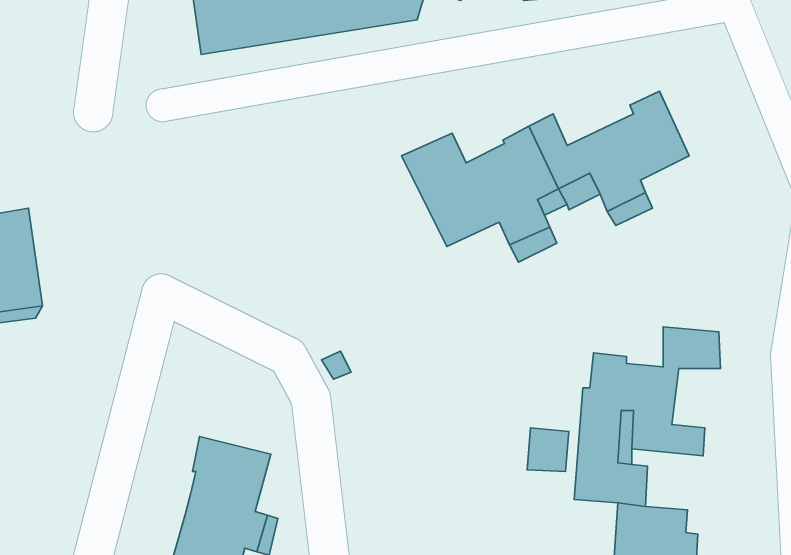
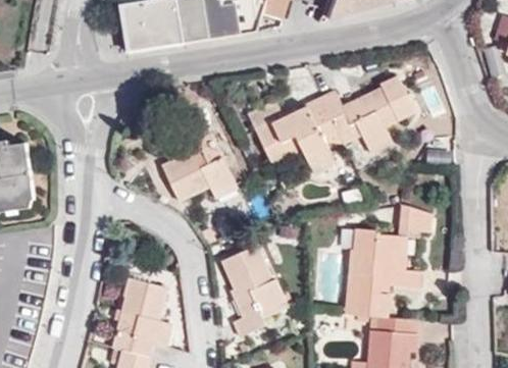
building: none -> [161,107,237,200]
building: none -> [222,245,287,336]

